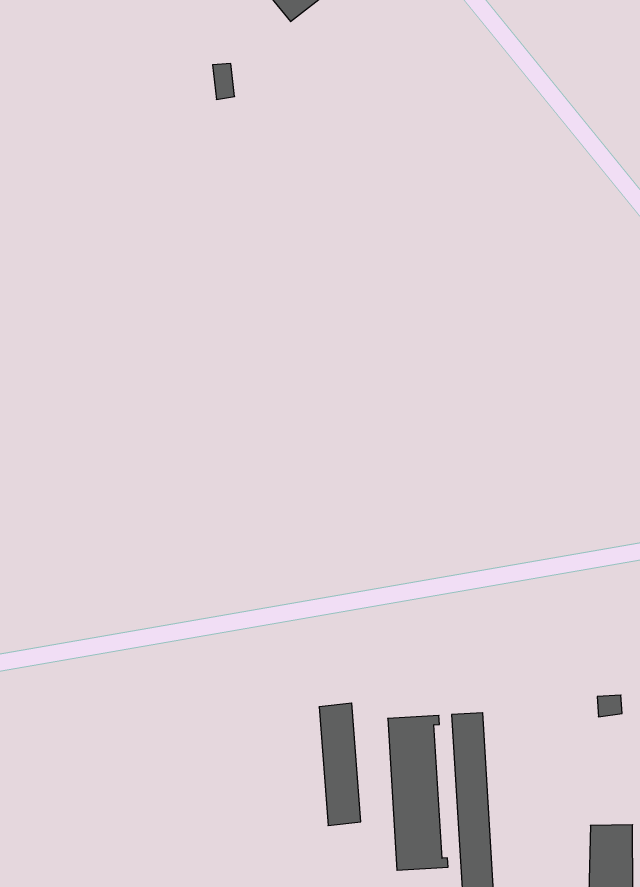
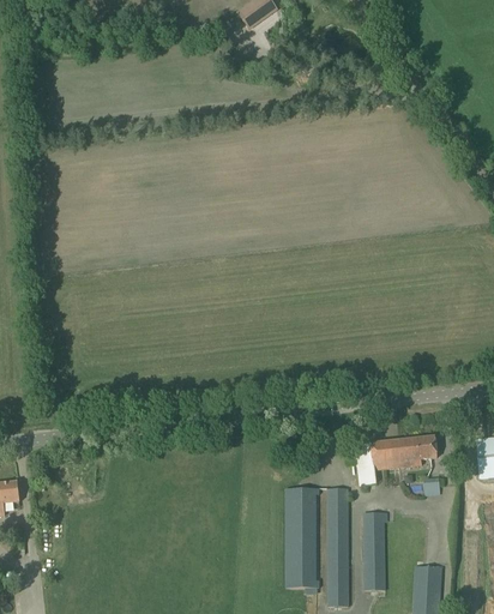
building: none -> [355,435,436,486]
building: [319,703,361,826] -> [362,512,385,591]

